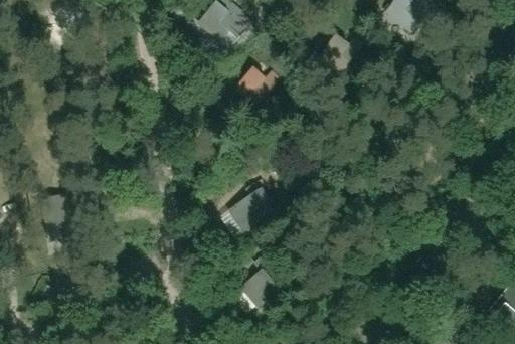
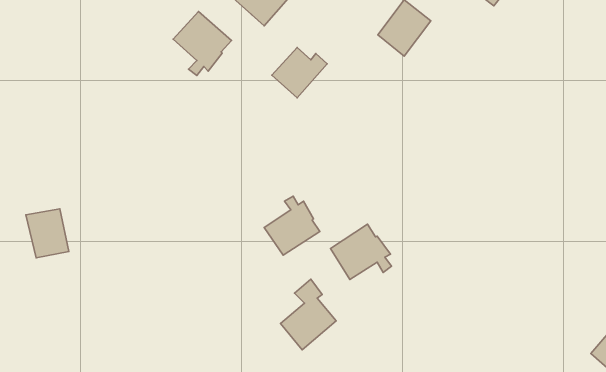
building: none -> [173,11,231,76]
building: none -> [330,224,391,280]

